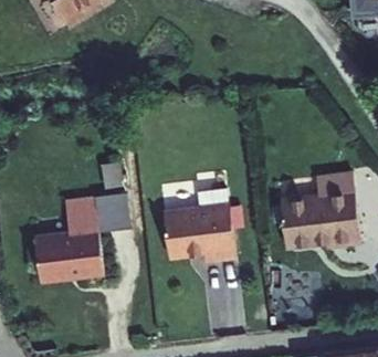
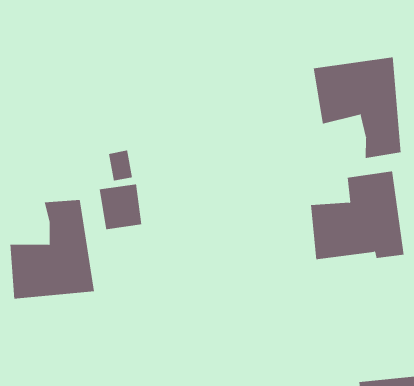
building: none -> [313,57,401,159]
building: [156,189,228,264] -> none

